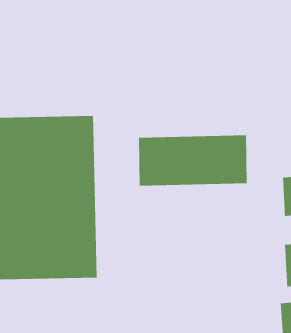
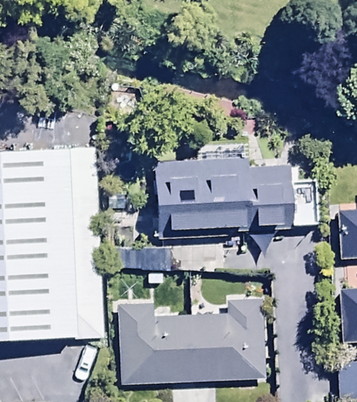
building: none -> [131,311,271,385]

